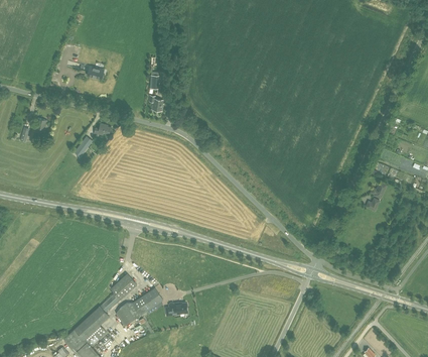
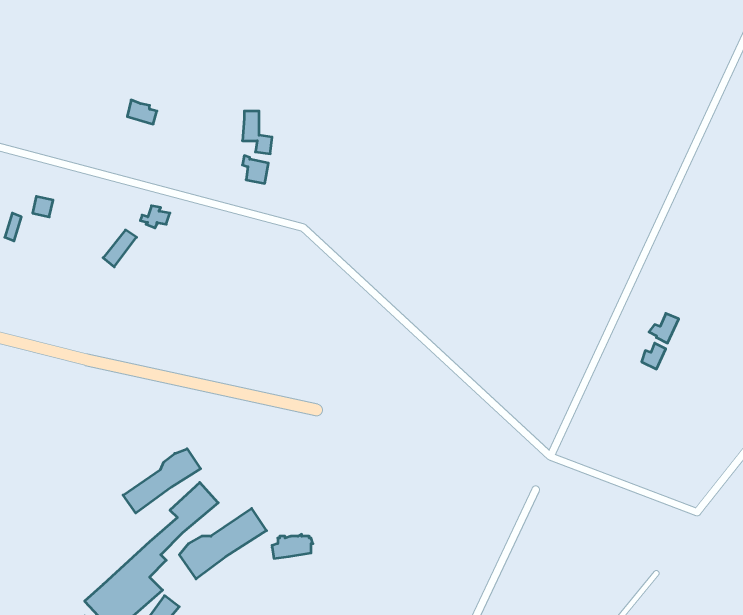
building: none -> [123,449,201,513]

